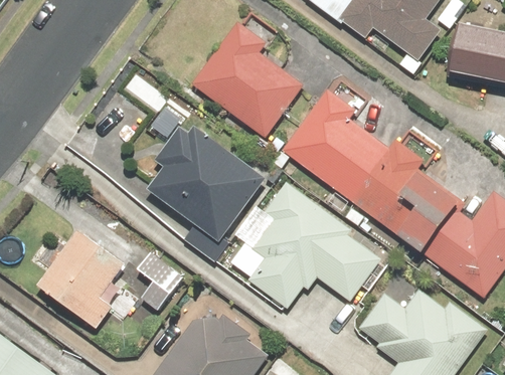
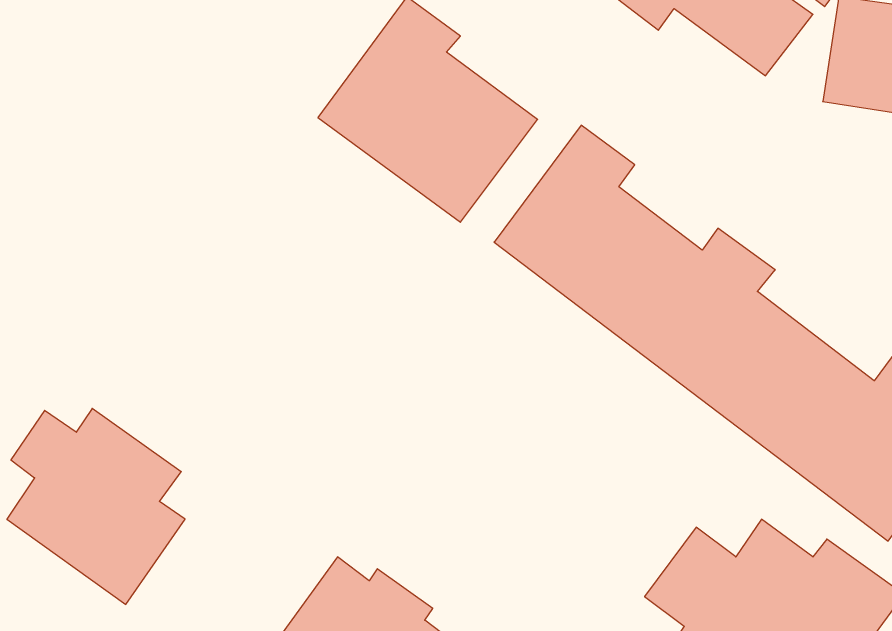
building: [145,126,267,245] -> none
building: [227,180,385,305] -> none
building: [136,248,185,312] -> none

